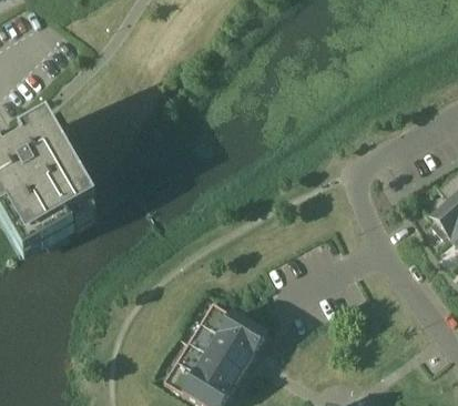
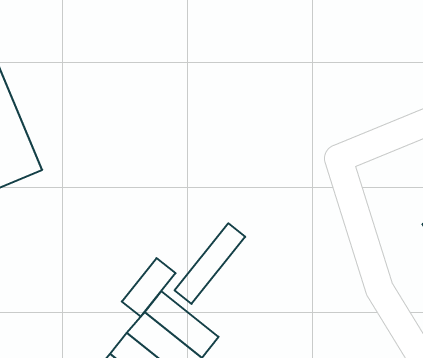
building: none -> [175,223,245,304]
building: none -> [122,258,176,317]

